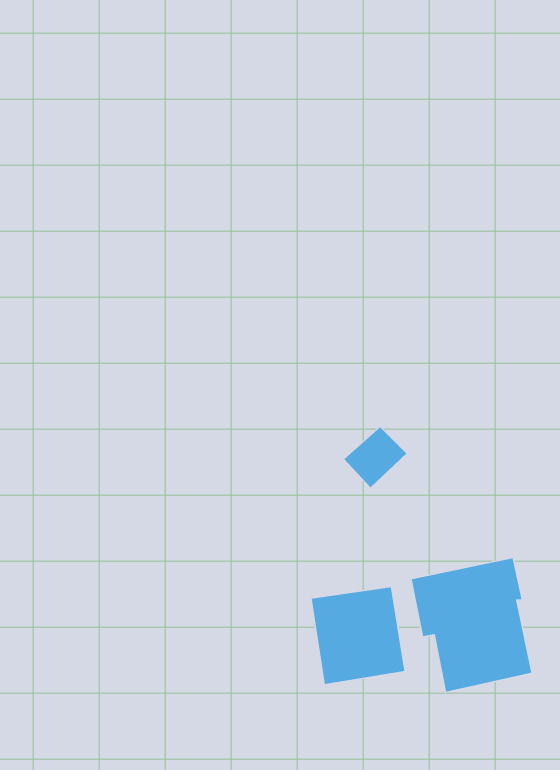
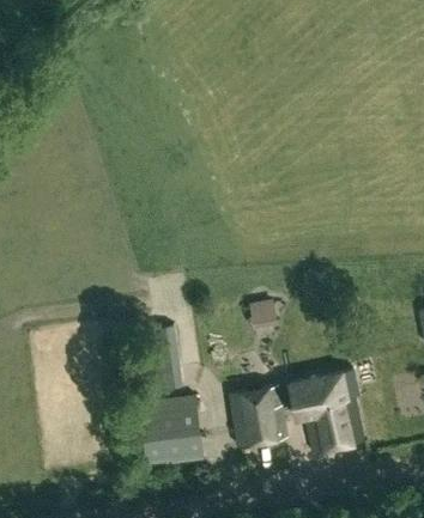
building: none -> [147,325,183,390]
building: none -> [138,396,204,464]

